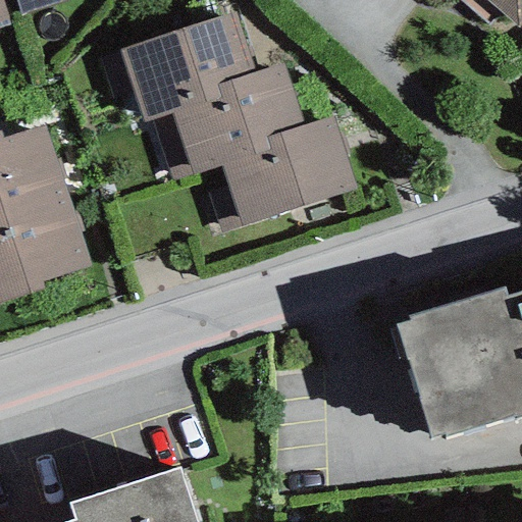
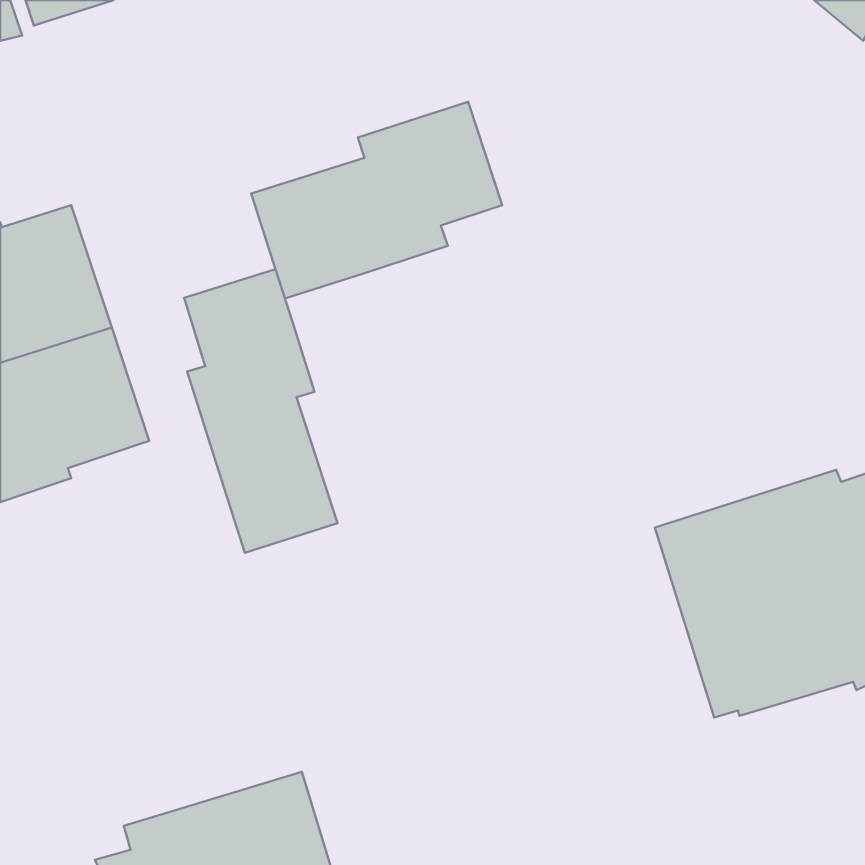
building: [100,10,254,121] -> none
building: [208,115,357,233] -> none
building: none -> [184,269,338,553]

